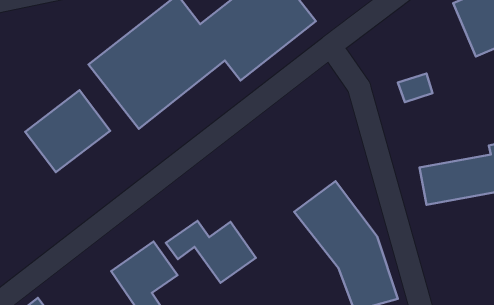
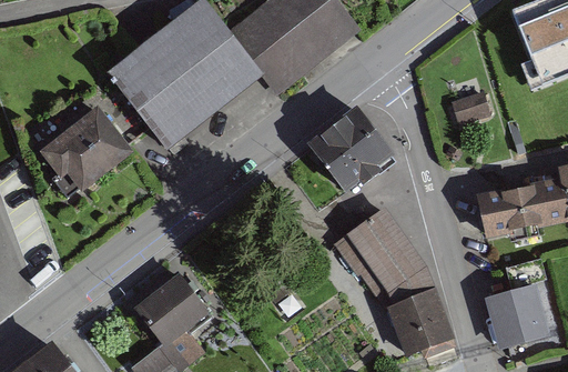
building: none -> [307,107,395,194]
building: [166,221,256,283] -> none
building: none -> [494,288,541,342]

